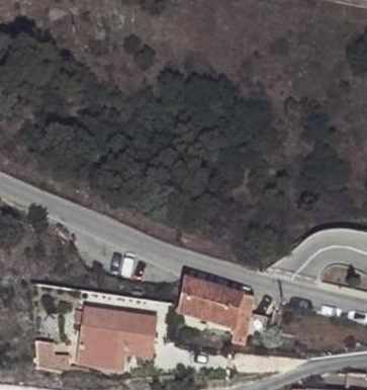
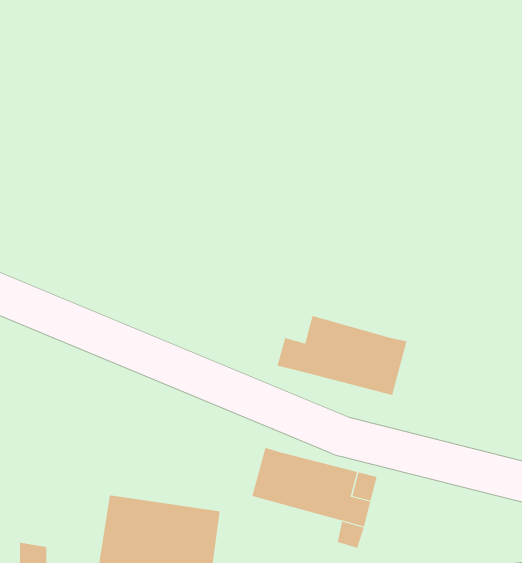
building: none -> [277,315,407,396]

